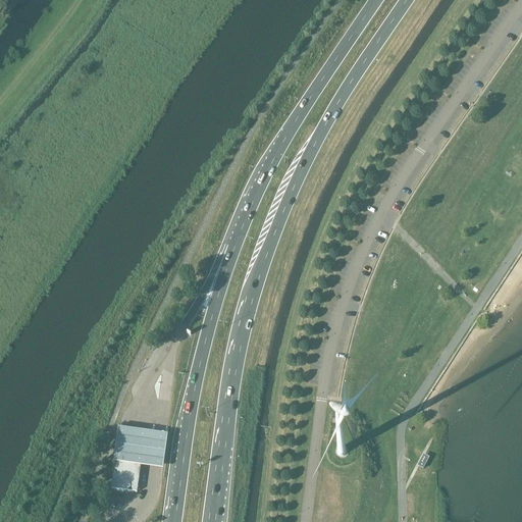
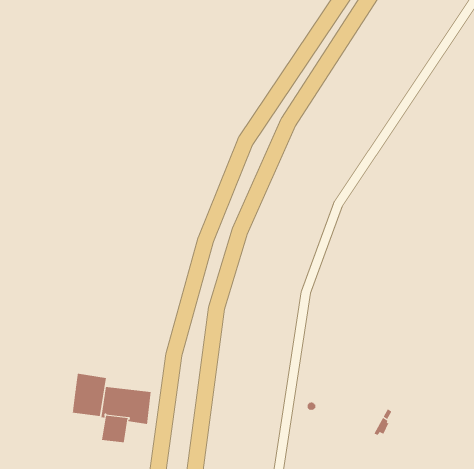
building: none -> [72,373,106,417]

